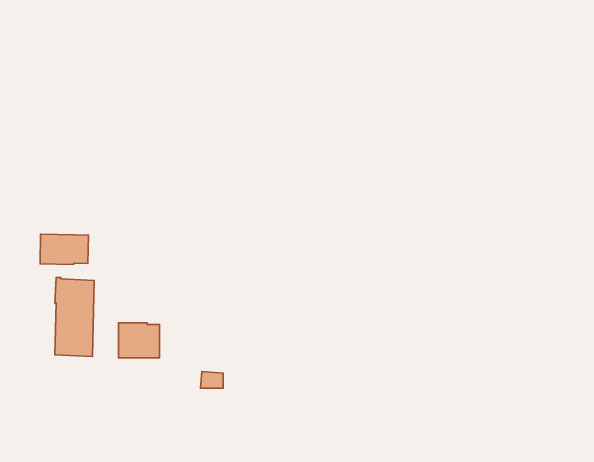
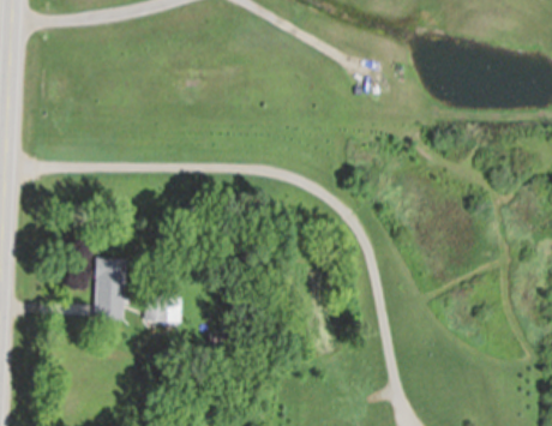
building: [40,234,88,264] -> none

